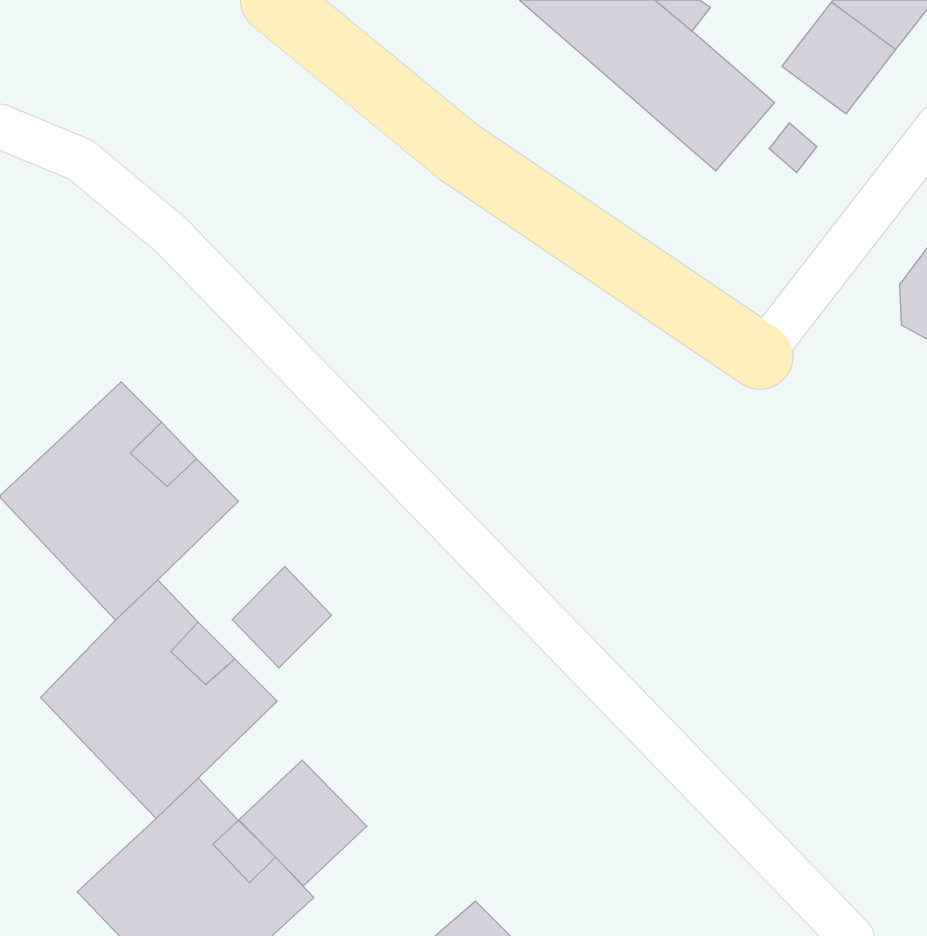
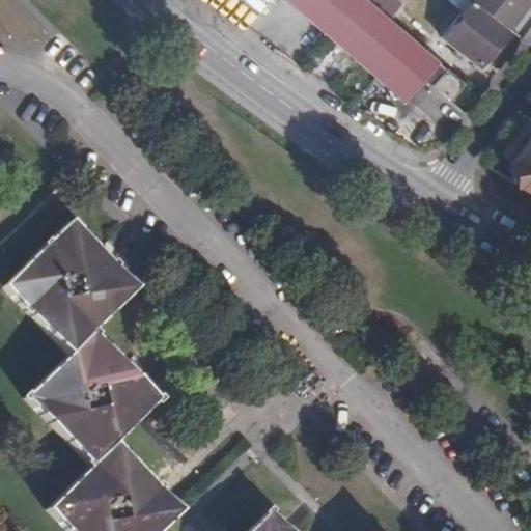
building: [232,567,331,668] -> none
building: [239,760,367,886] -> none

